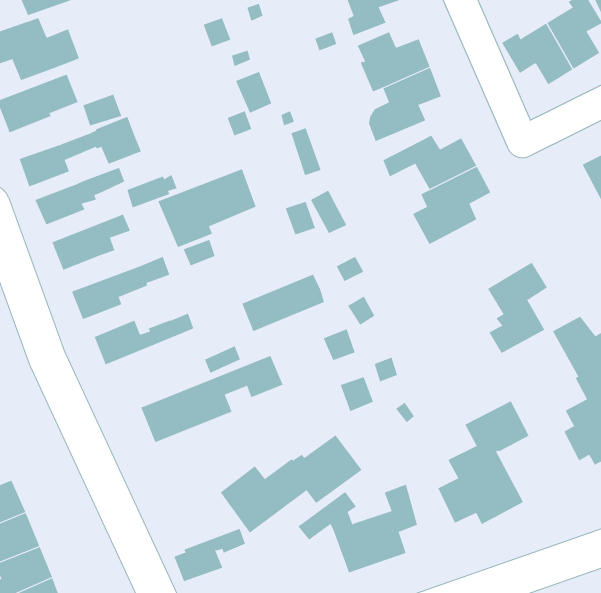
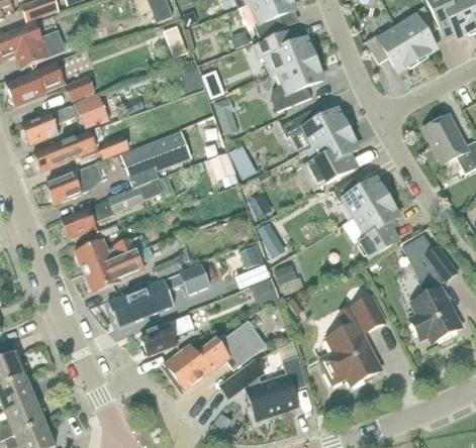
building: none -> [334,176,388,216]
building: [242,274,325,332] -> [83,249,142,291]
building: [174,528,246,582] -> [140,315,192,353]

